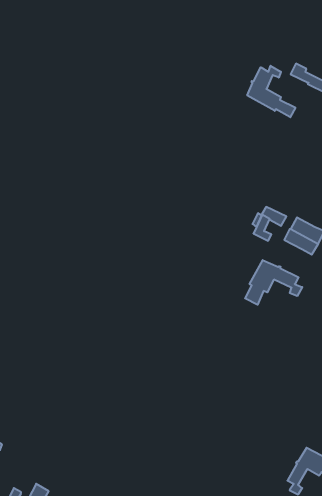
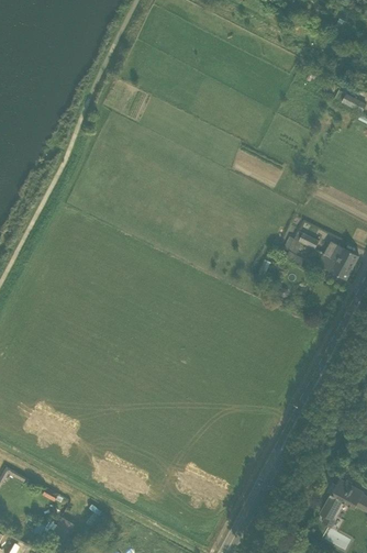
building: [247,66,295,117] -> none
building: [245,260,302,305] -> none

